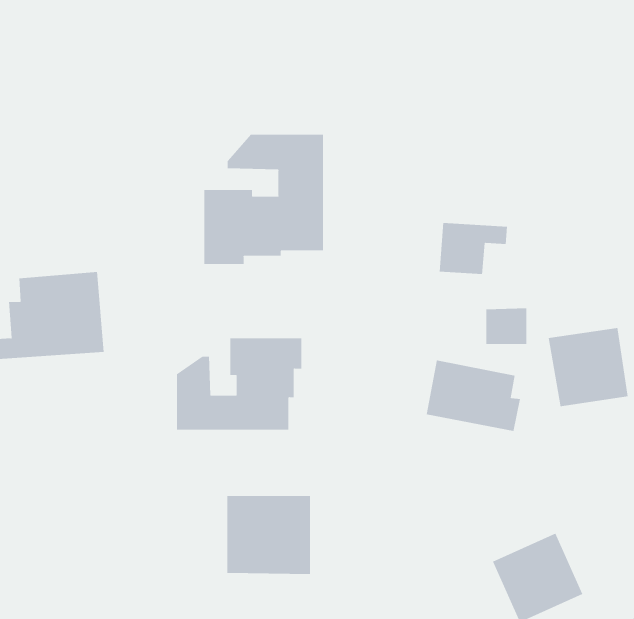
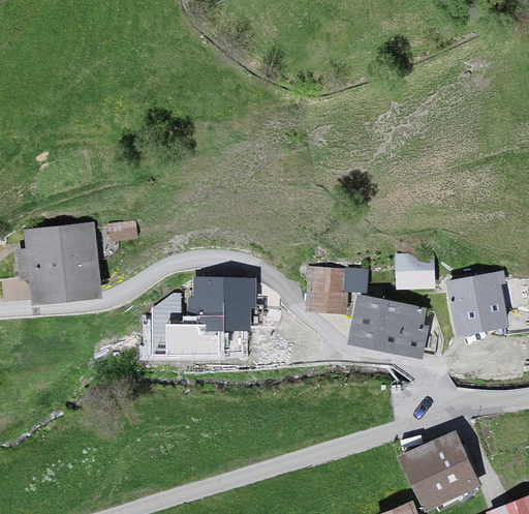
building: [204,134,323,265] -> none
building: [439,222,508,275] -> [309,269,364,310]
building: [227,495,311,575] -> none

